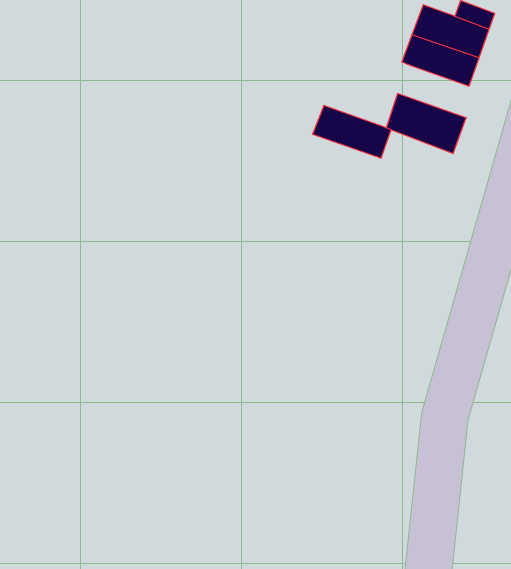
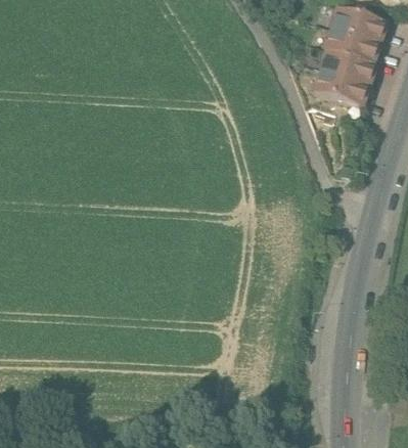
building: [312,105,391,158] -> [320,49,376,87]

